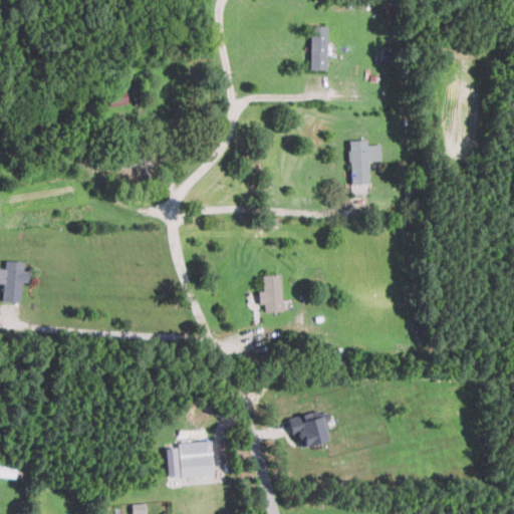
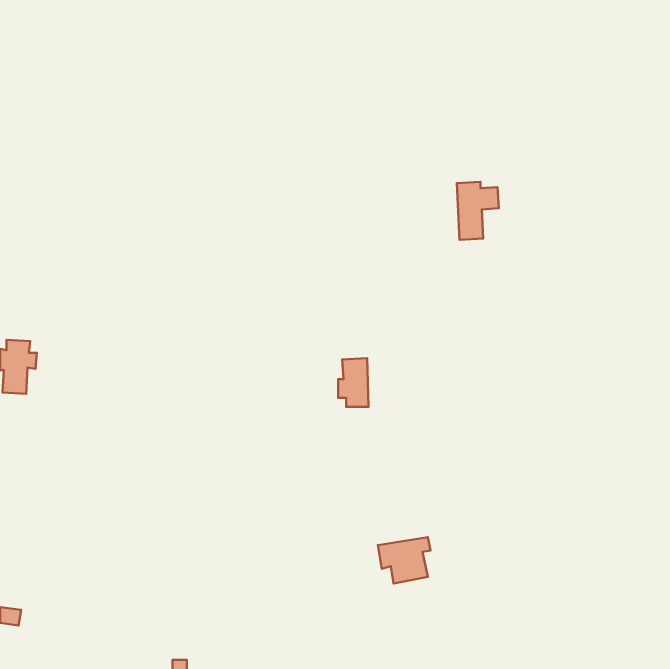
building: [311,27,329,71] -> none
building: [167,442,215,479] -> none

